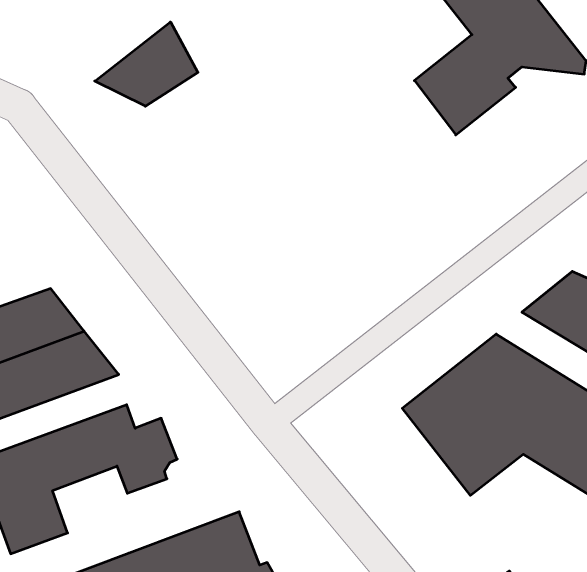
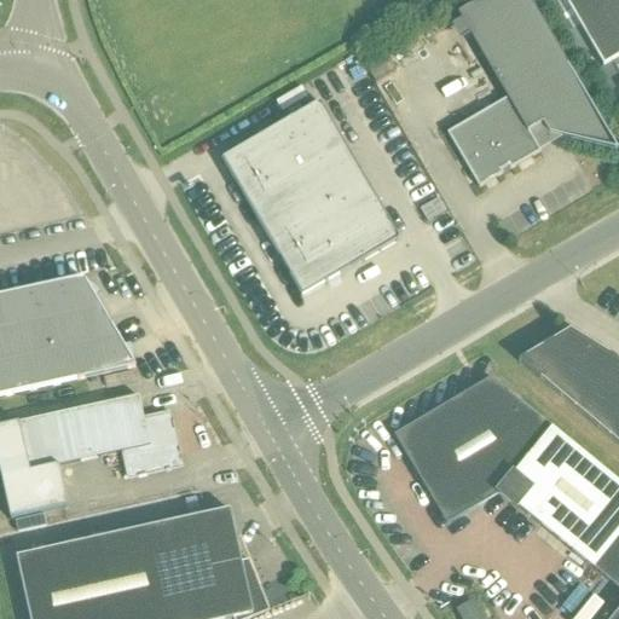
building: [95,22,198,106] -> none
building: none -> [222,98,400,293]

